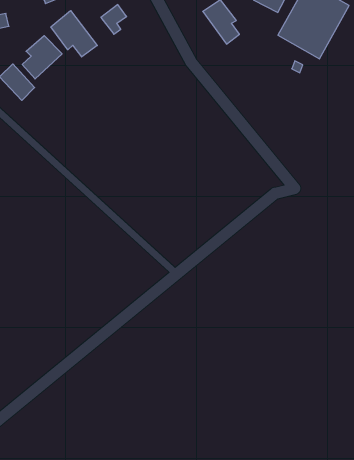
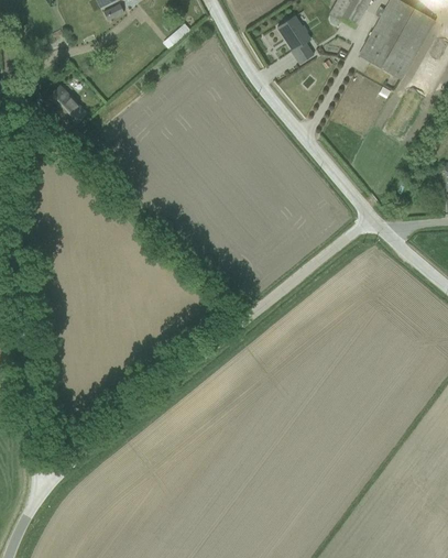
building: [51,11,97,57] -> none
building: [22,36,62,79] -> none

